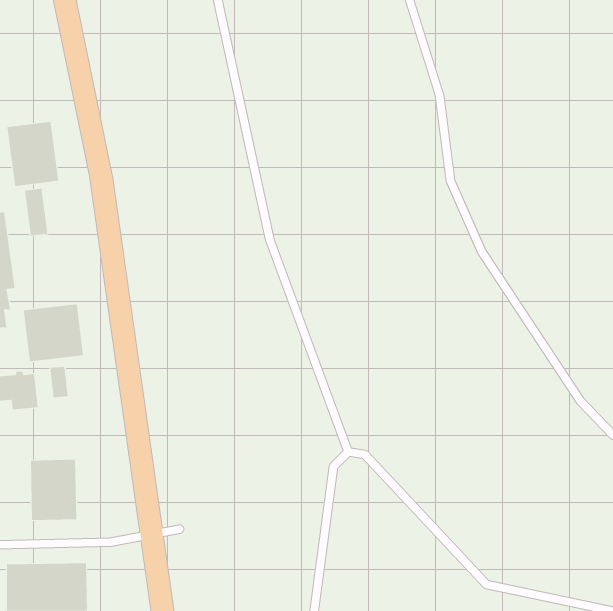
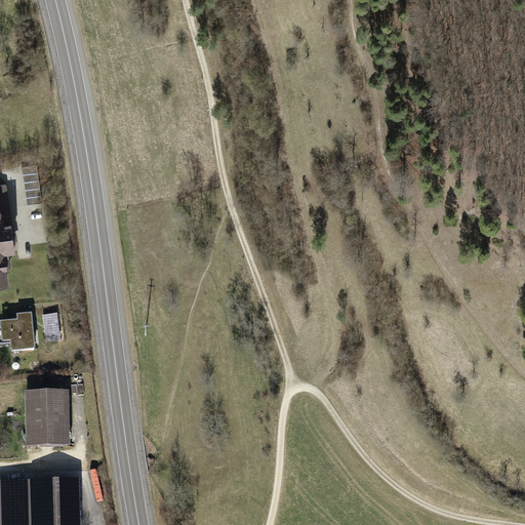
building: [7,121,59,187] -> none
building: [23,304,84,362] -> none

